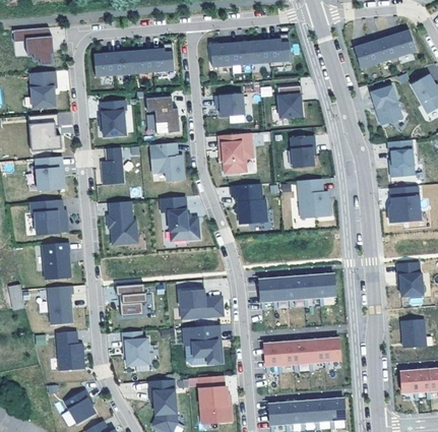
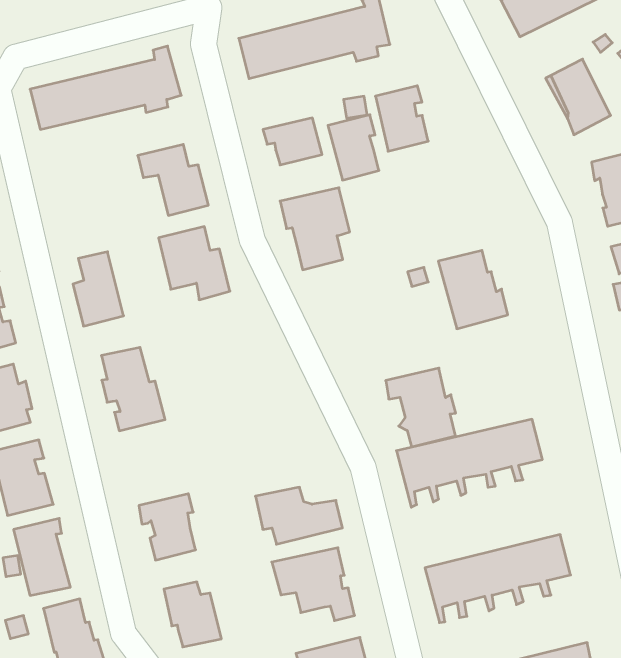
building: [100,100,127,137] -> none
building: [291,135,315,168] -> [328,115,379,180]
building: [232,184,266,224] -> [386,368,456,447]
building: [161,196,200,241] -> none

